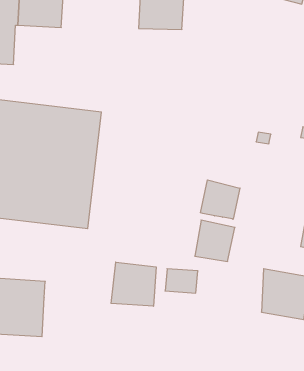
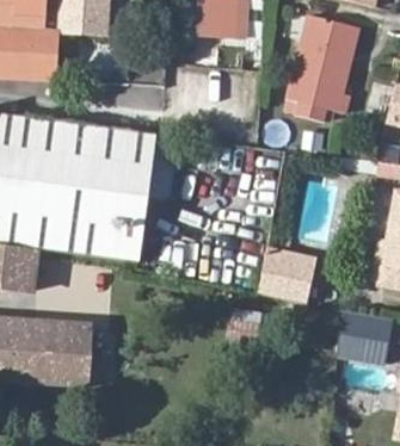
building: none -> [294,18,364,116]
building: [200,180,240,219] -> none
building: [111,262,156,306] -> none

